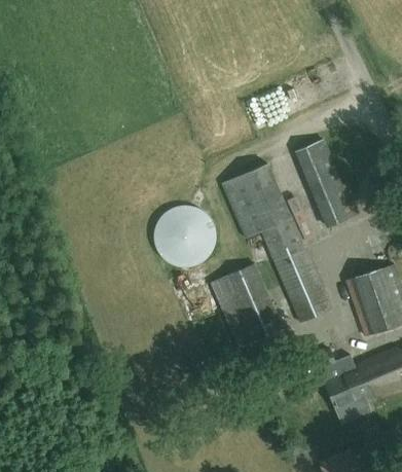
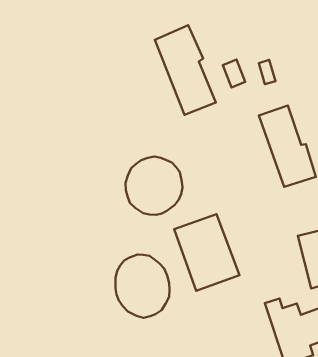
building: none -> [155,25,216,115]
building: [222,162,331,323] -> none
building: none -> [115,254,170,318]

